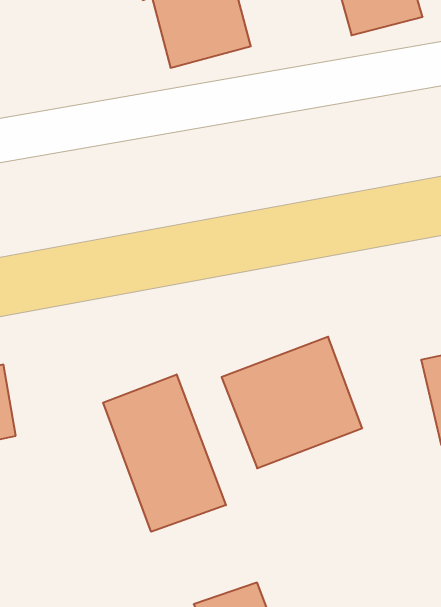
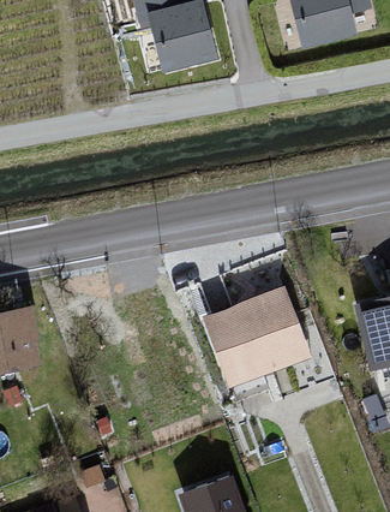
building: [103,374,226,532] -> none

